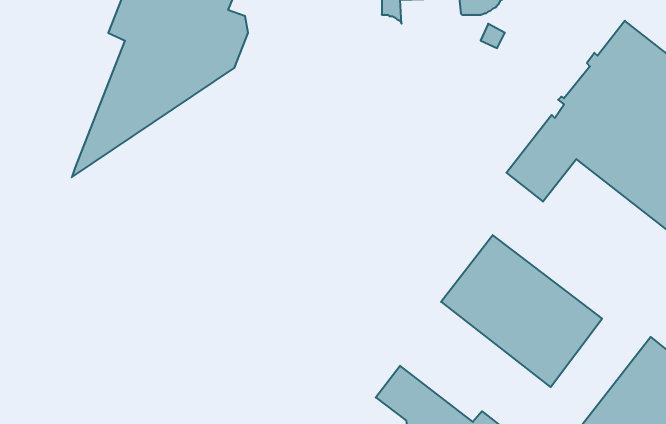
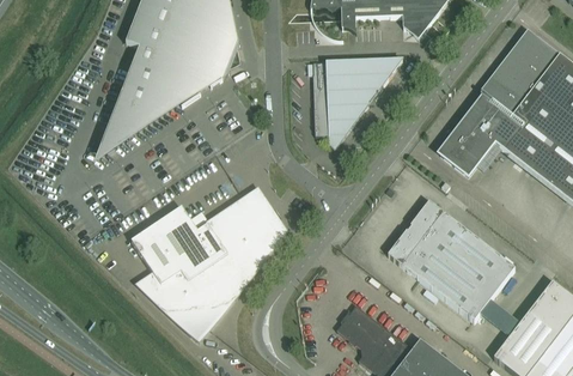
building: none -> [312,57,402,146]
building: none -> [132,188,285,340]

